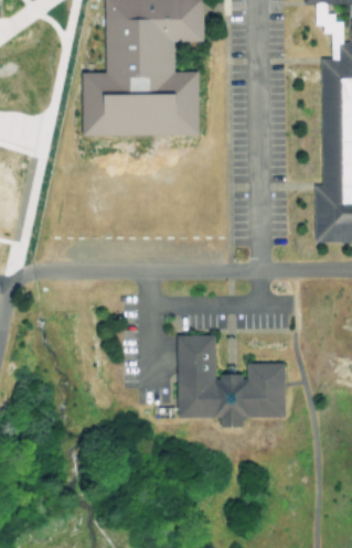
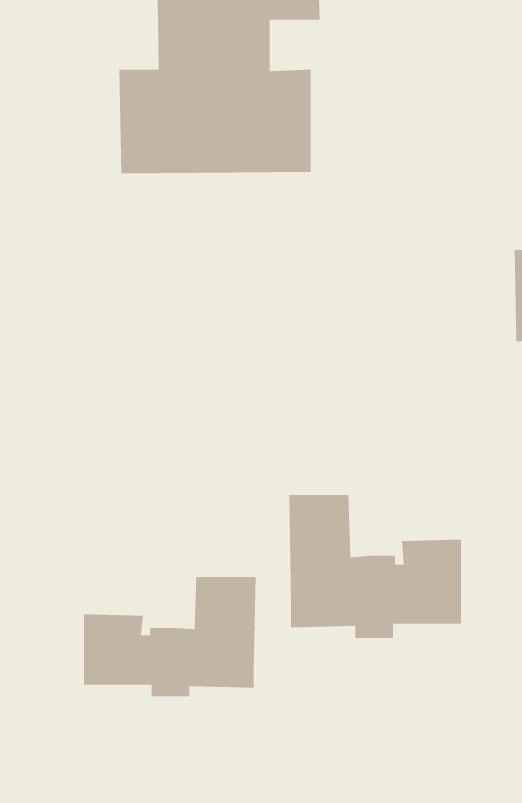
building: none -> [83,576,256,697]

